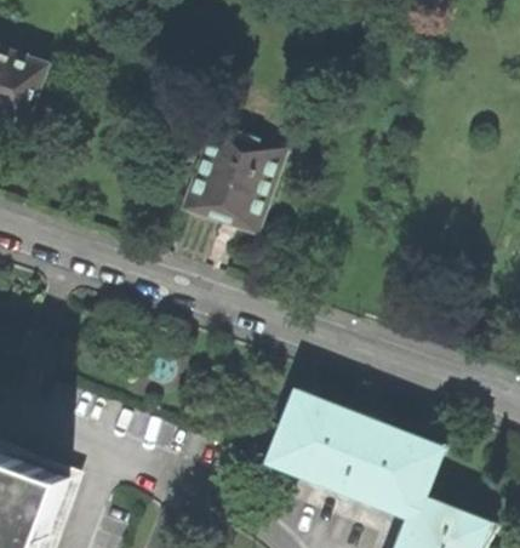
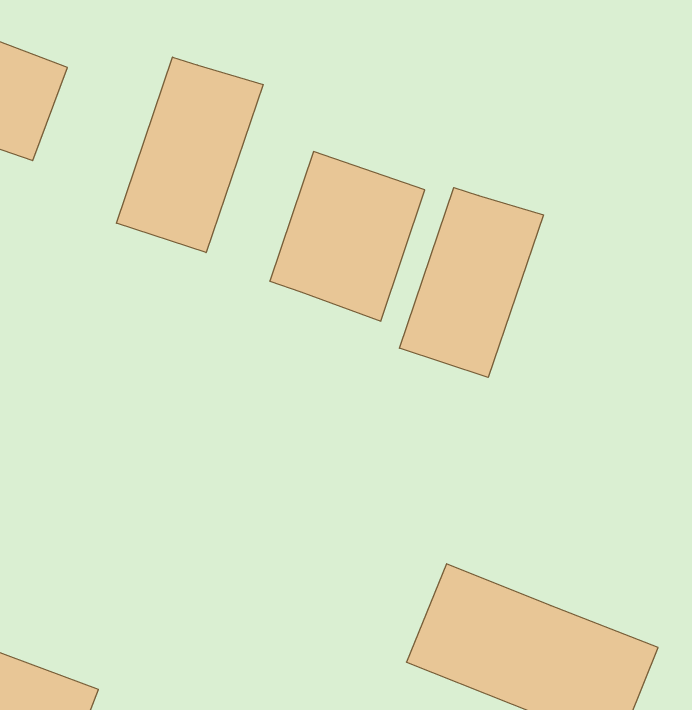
building: none -> [116,57,263,253]
building: none -> [399,188,544,377]

